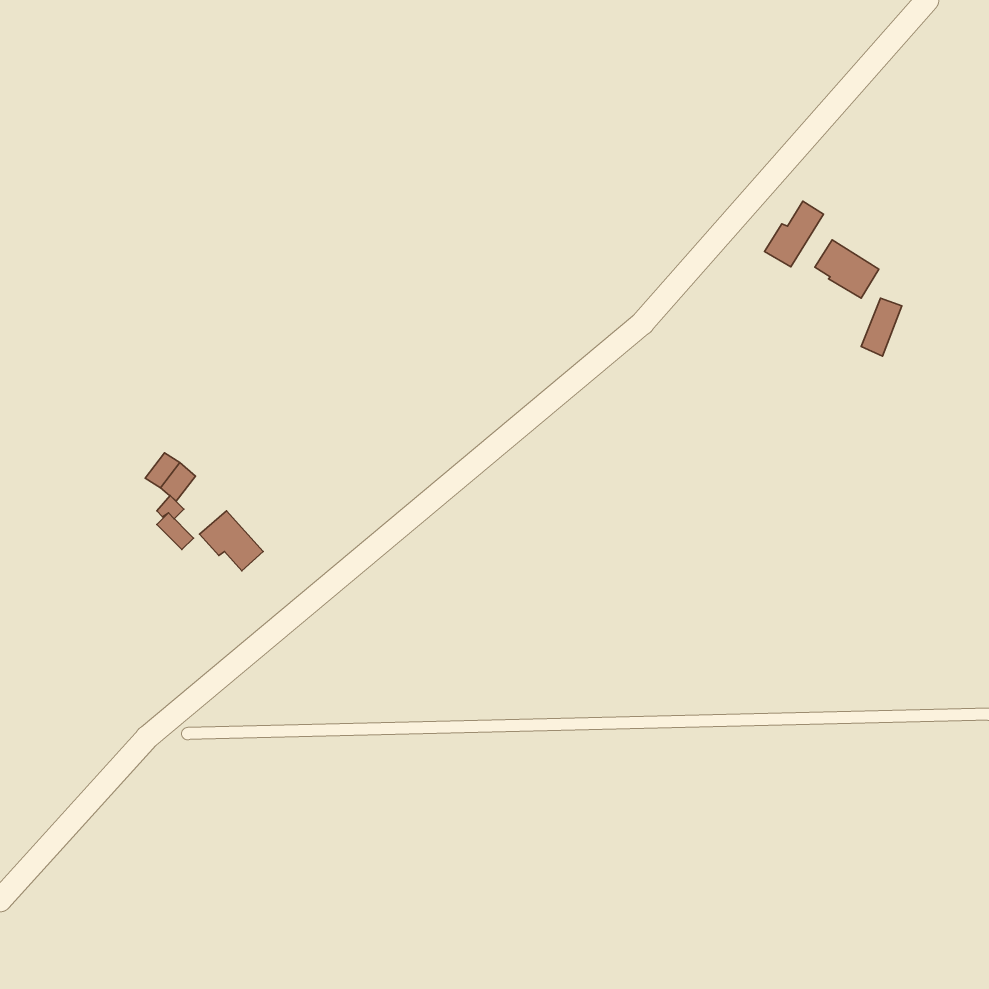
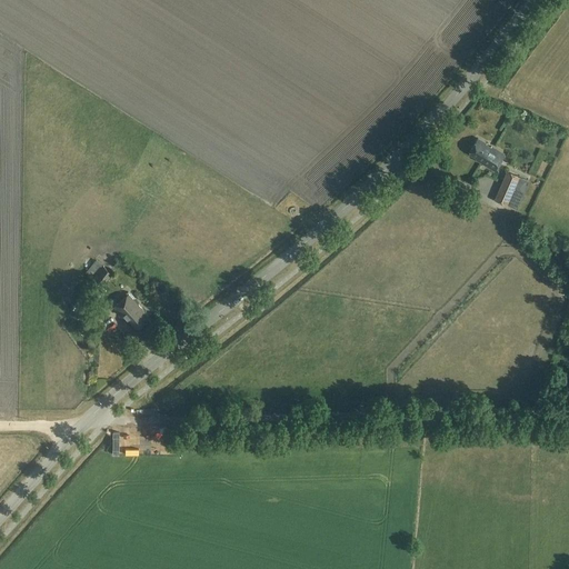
building: [764,201,824,267] -> none

